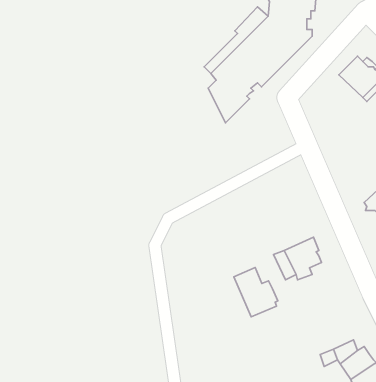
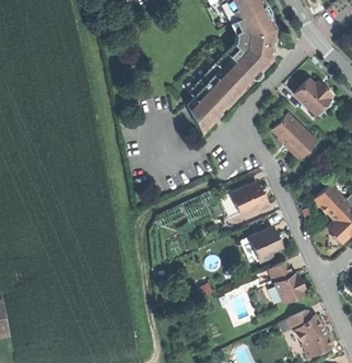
building: none -> [273,115,316,160]
building: none -> [234,183,269,214]
building: [234,268,278,317] -> [269,262,305,303]

